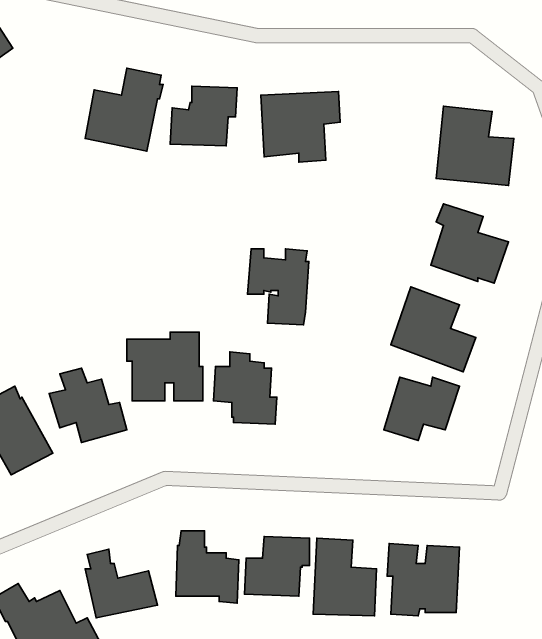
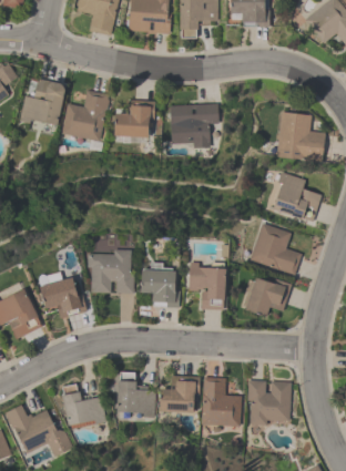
building: none -> [20,78,65,125]
building: [247,249,309,325] -> [189,263,226,309]

